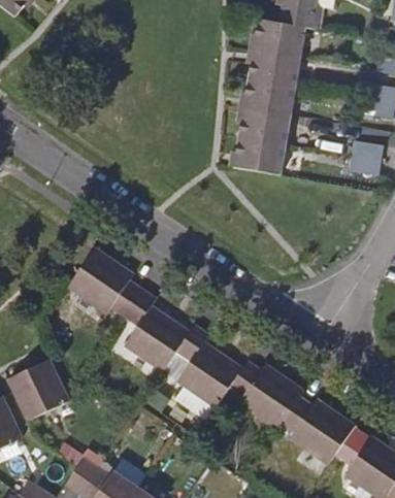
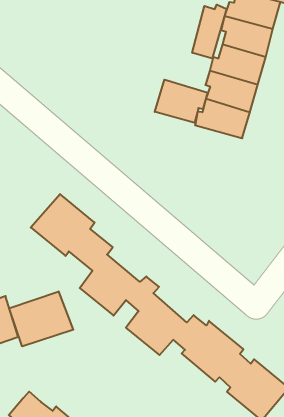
building: none -> [192,5,227,58]
building: none -> [155,80,208,123]
building: none -> [9,291,73,346]

